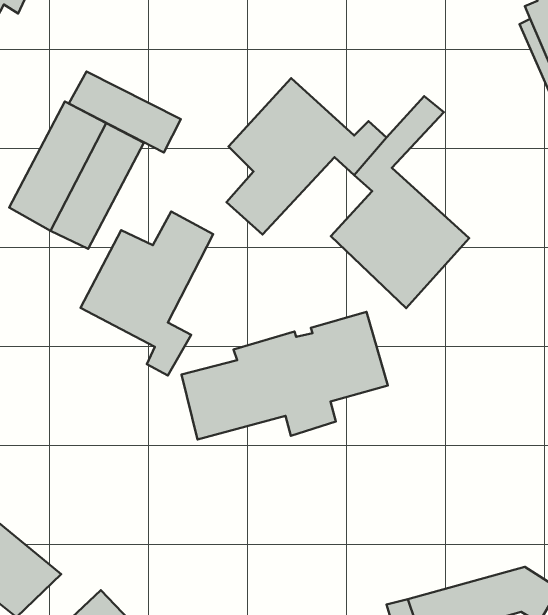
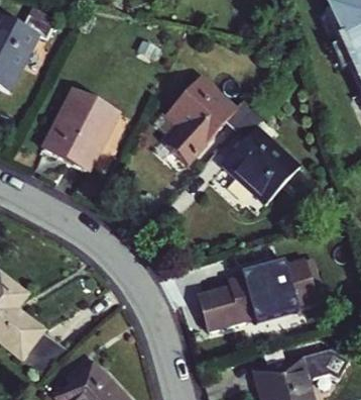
building: [69,71,181,153] -> none
building: [81,211,213,375] -> none
building: [181,312,388,439] -> [199,258,315,329]

